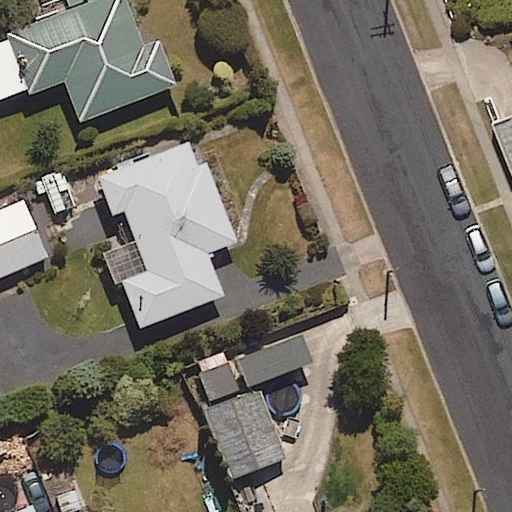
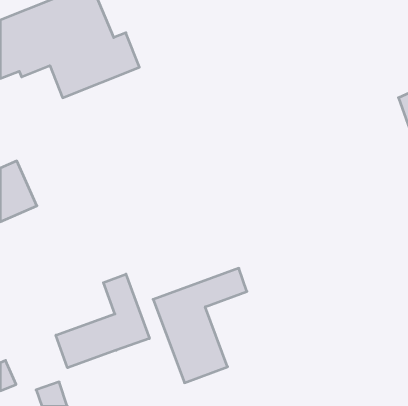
building: [98,143,236,327] -> none
building: none -> [56,274,149,368]

